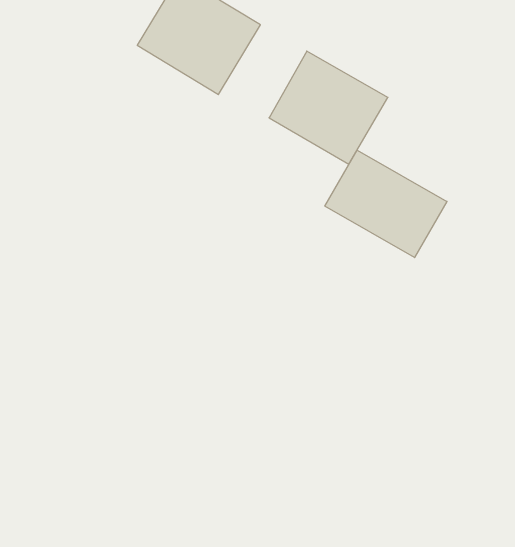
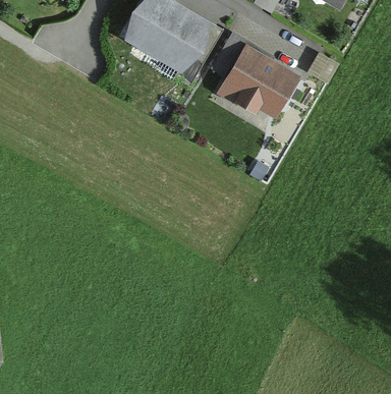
building: [325,150,447,258] -> none

